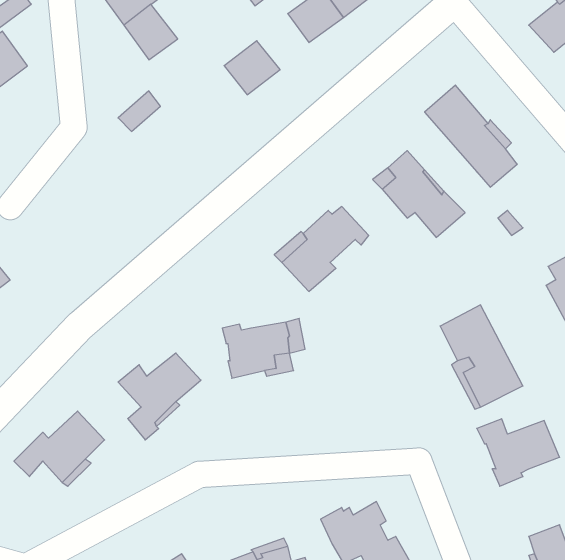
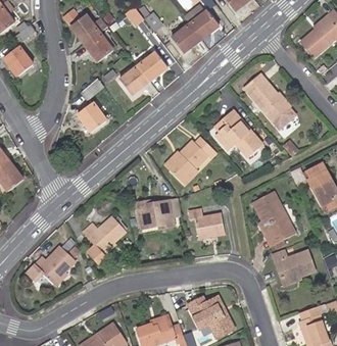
building: none -> [119,64,149,94]
building: none -> [78,102,106,132]
building: none -> [187,208,224,238]

